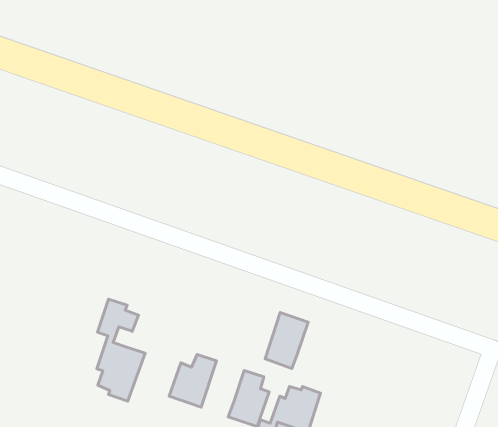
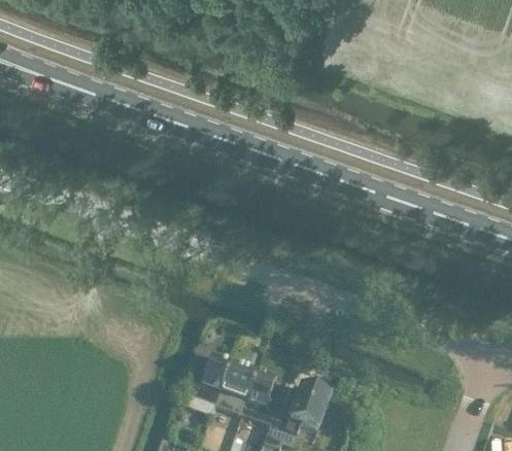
building: [97,299,145,401] -> none
building: [265,313,308,369] -> [217,361,259,415]

